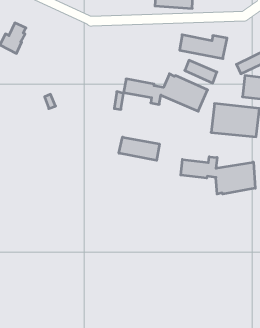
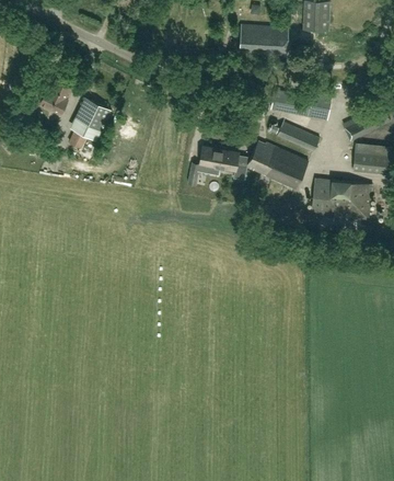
building: none -> [69,99,111,147]
building: [119,137,159,160] -> none
building: [181,157,255,194] -> none

